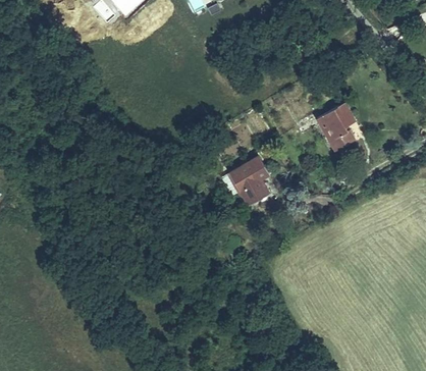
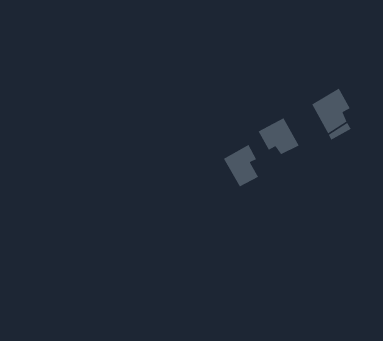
building: none -> [257,117,300,155]

